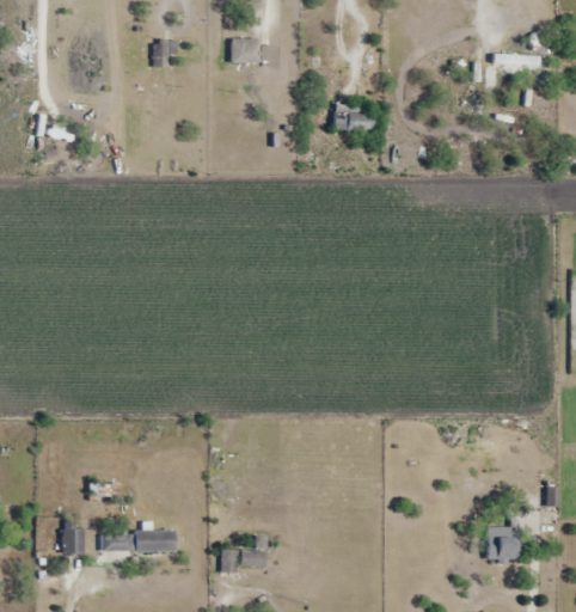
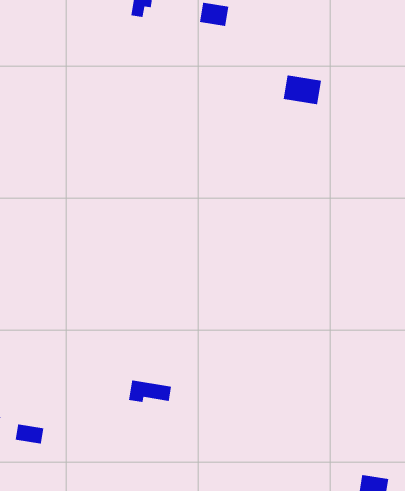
building: [134,530,174,551] -> none
building: [220,550,265,573] -> [128,380,172,403]

